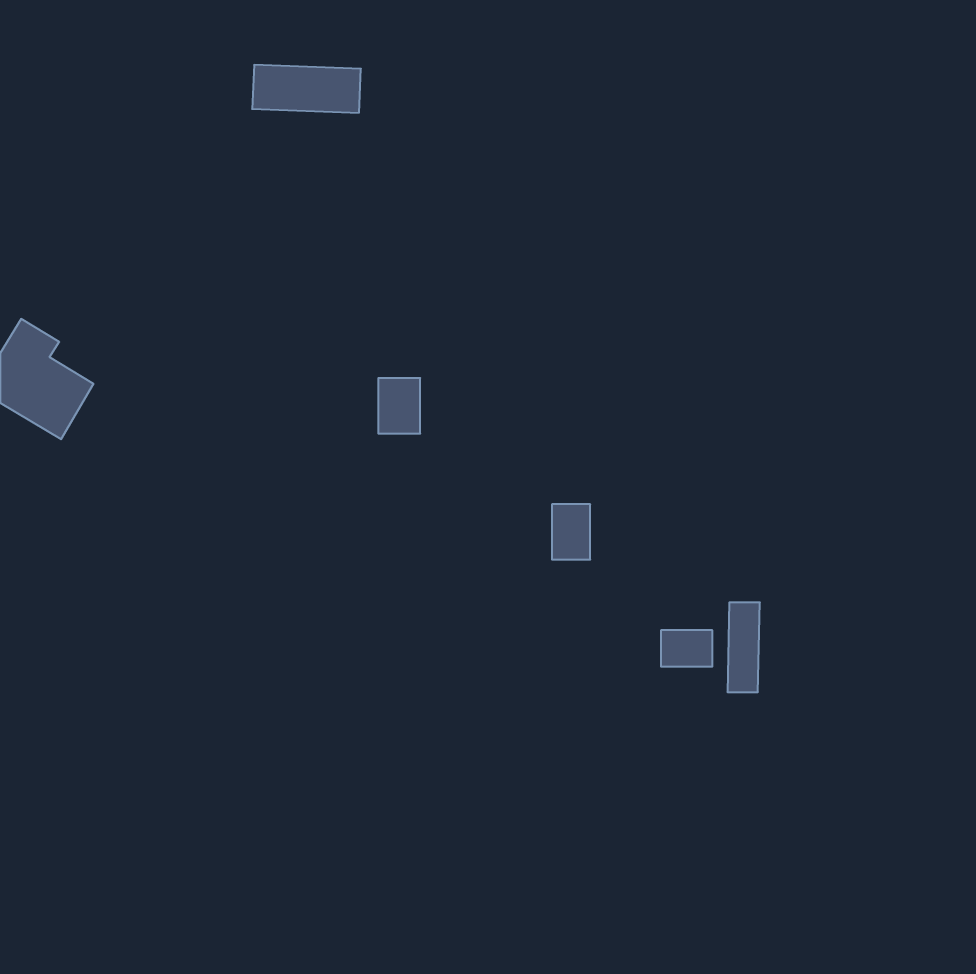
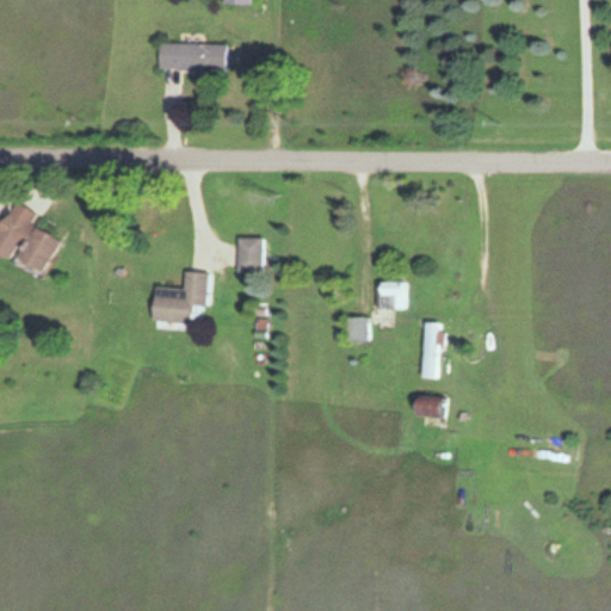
building: none -> [152,272,206,323]
building: none -> [378,280,408,308]
building: [727,602,760,692] -> [421,322,442,378]

